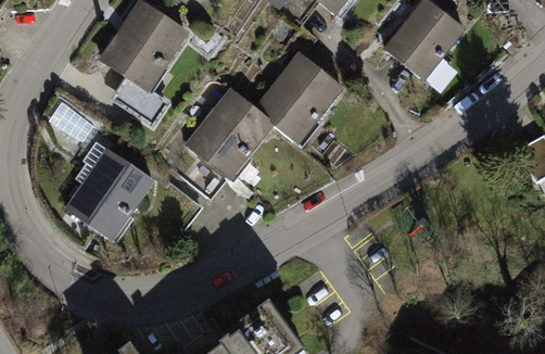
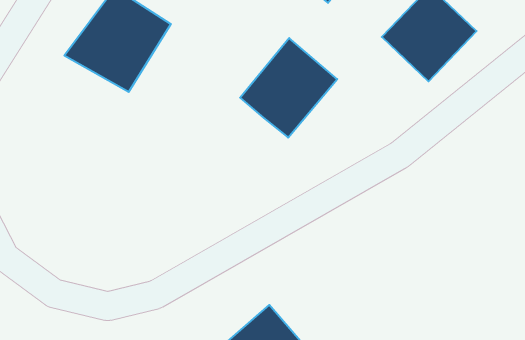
building: [183,85,275,178] -> none
building: [71,155,152,238] -> none

